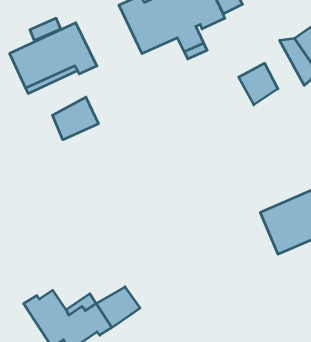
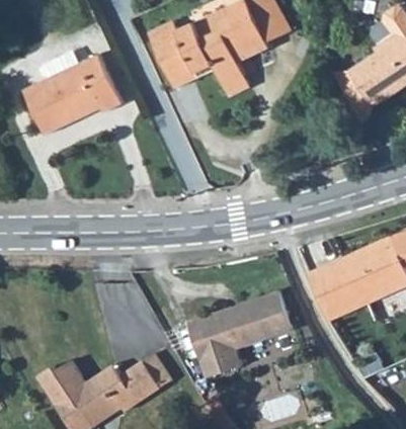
building: [239,63,278,105] -> none
building: [52,97,98,140] -> none
building: none -> [188,286,293,377]

